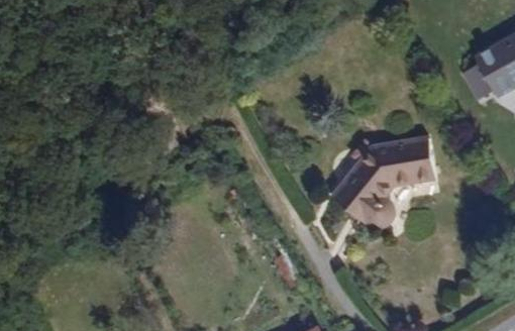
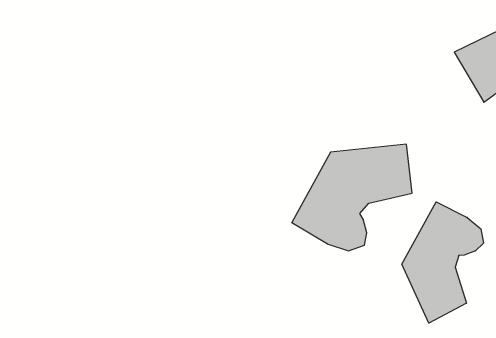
building: none -> [402,202,484,323]

